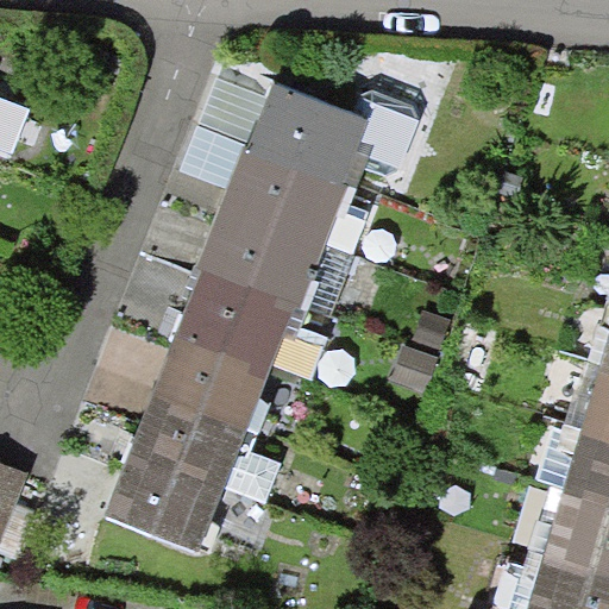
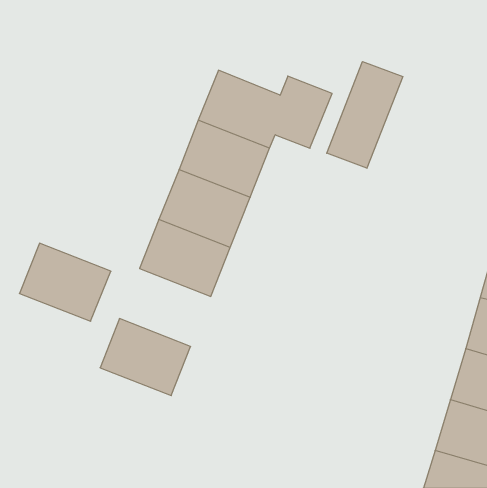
building: none -> [327,62,403,168]
building: [153,332,266,428] -> [19,243,111,321]
building: [105,454,218,551] -> none

